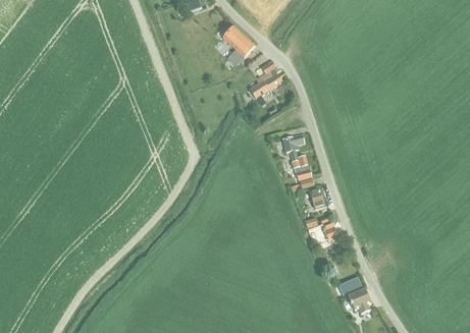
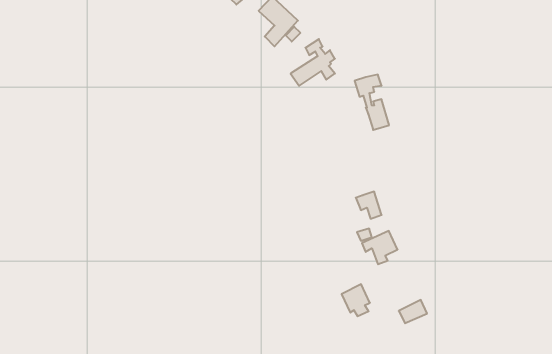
building: [281,133,310,179] -> [355,75,389,130]
building: [347,286,370,313] -> [342,284,370,316]

